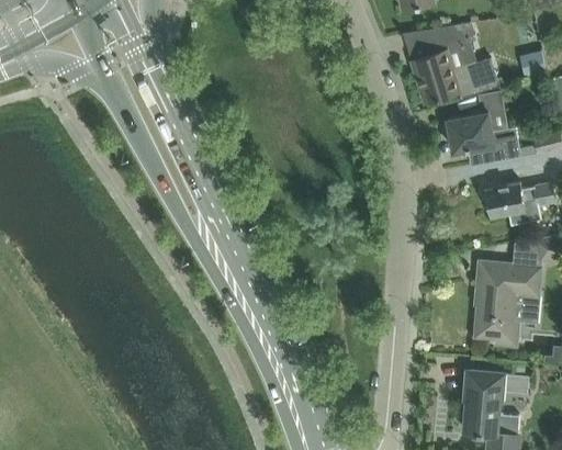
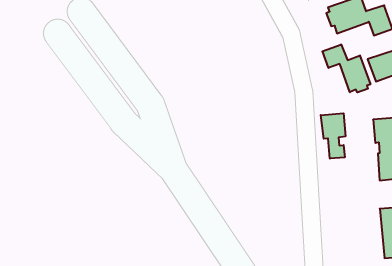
building: none -> [322,44,370,92]
building: none -> [321,113,345,159]

